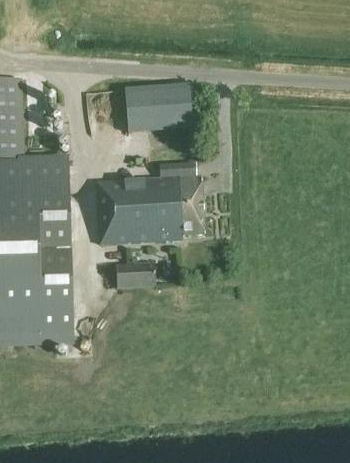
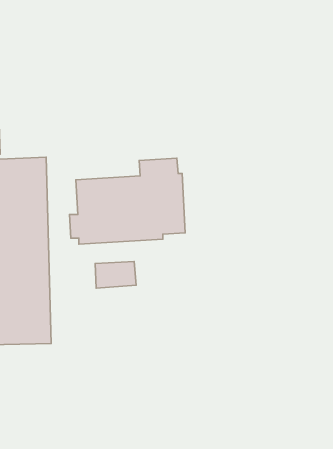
building: [123,83,192,131] -> none

